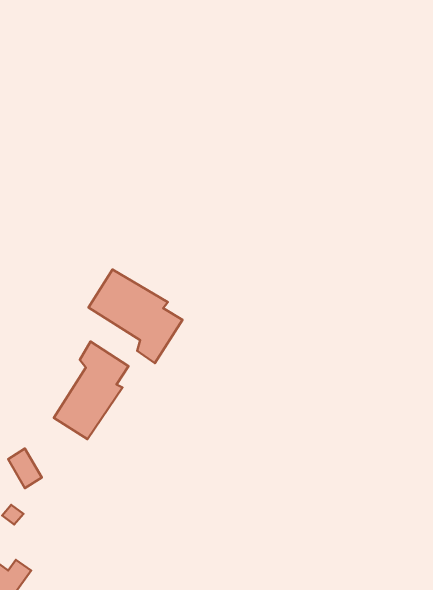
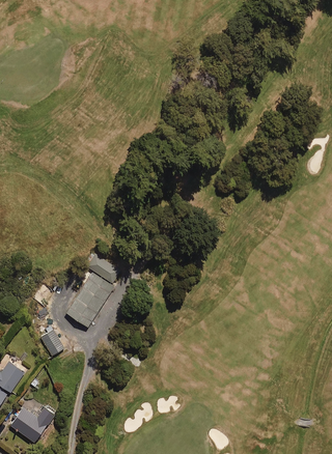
building: [88,269,182,363] -> none

